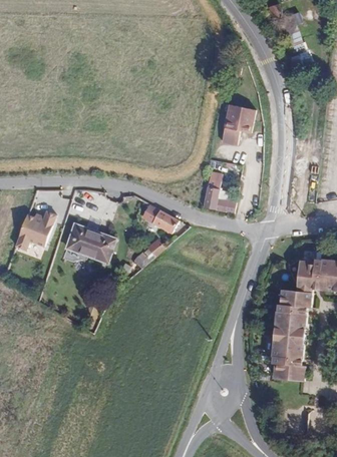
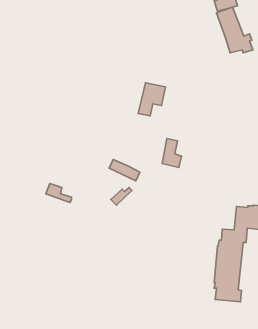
building: [223,103,257,144] -> [138,83,166,116]
building: [10,209,52,250] -> none
building: [65,223,113,262] -> none

